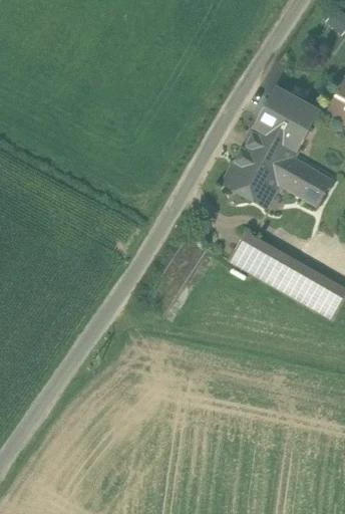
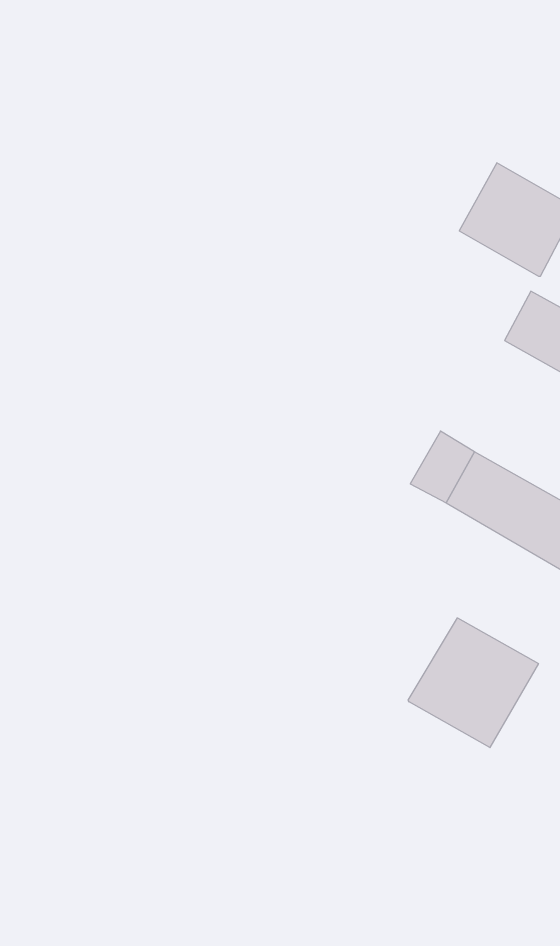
building: [226,124,298,205] -> none
building: none -> [408,618,538,748]

